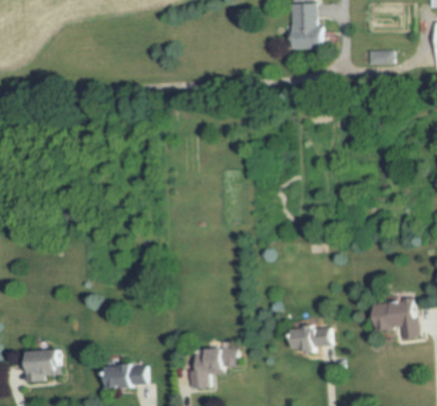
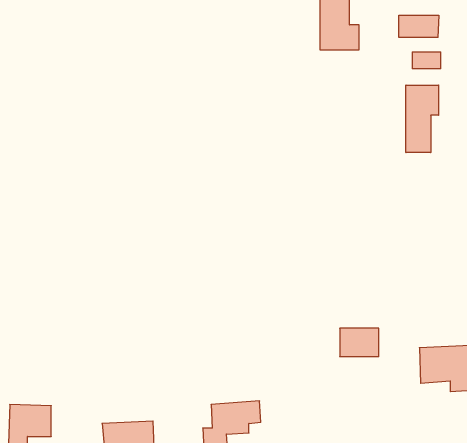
building: none -> [399,15,439,37]
building: none -> [406,85,439,153]
building: [298,325,331,349] -> [340,328,379,357]

